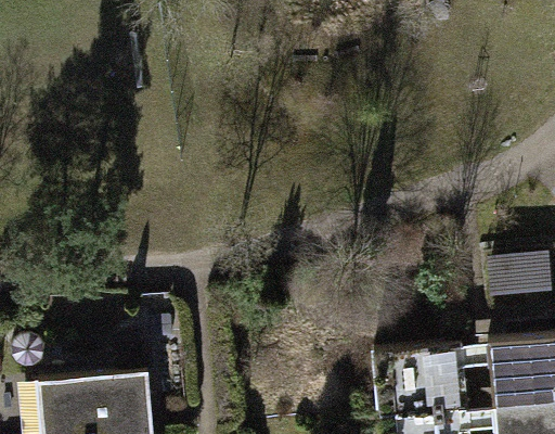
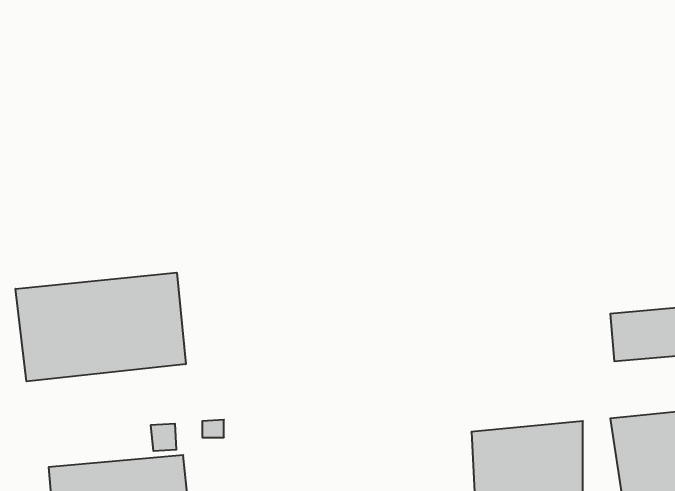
building: none -> [16,273,186,381]

